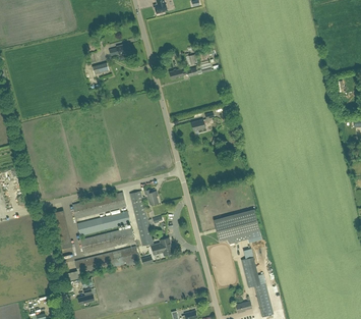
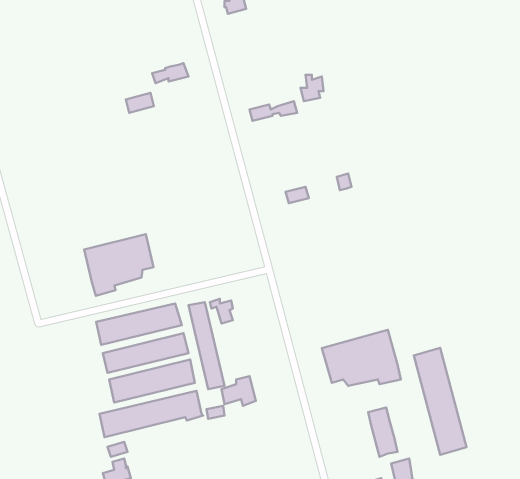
building: none -> [84,234,153,296]
building: none -> [414,348,466,455]

